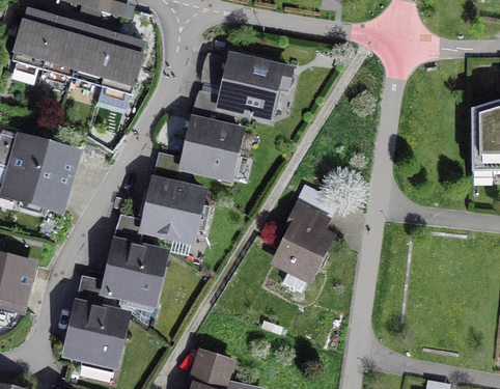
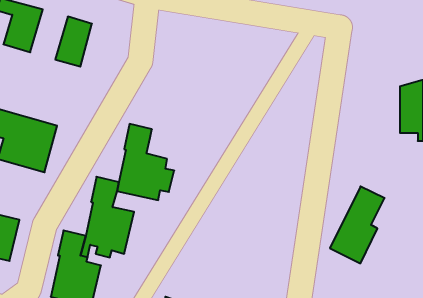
building: [44,19,87,77] -> none
building: [102,35,148,94] -> none
building: [218,57,279,118] -> none
building: [183,119,242,178] -> none
building: [273,188,336,277] -> [330,186,385,263]

